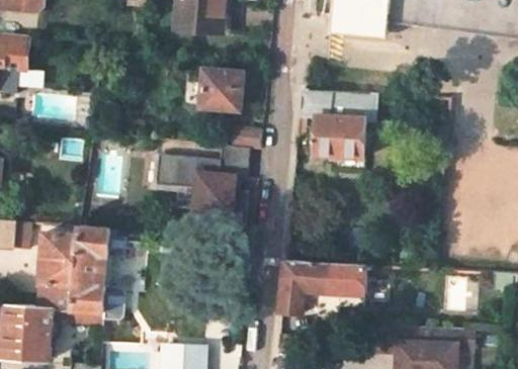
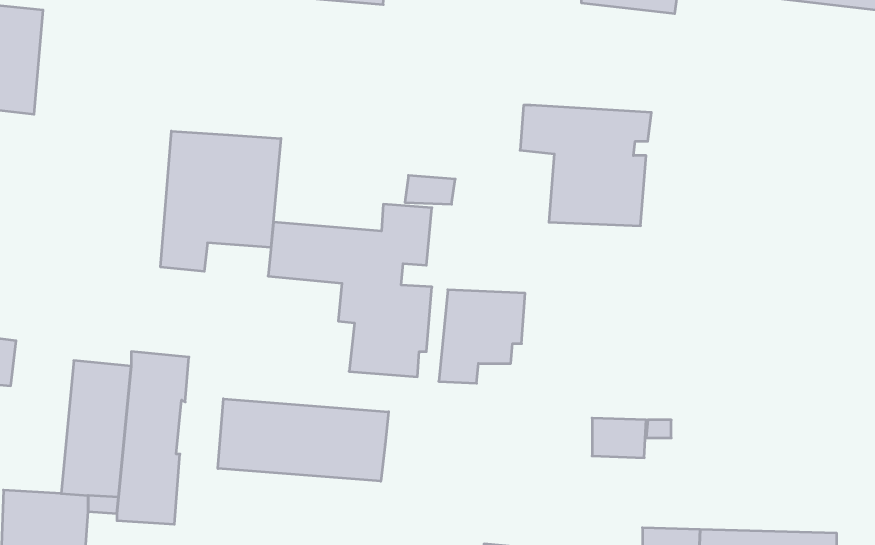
building: [190,69,242,110] -> none
building: none -> [161,131,281,271]
building: none -> [218,399,389,481]
building: [279,261,328,313] -> [439,290,525,383]

